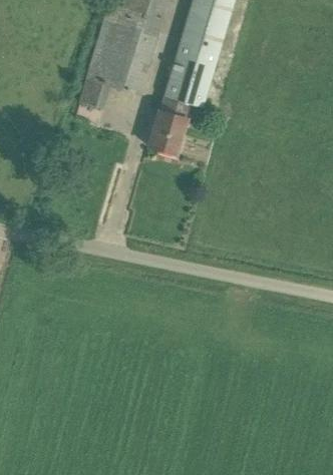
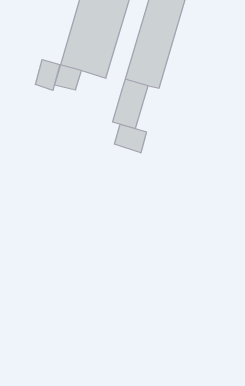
building: none -> [35,60,60,90]
building: none -> [115,124,147,153]

